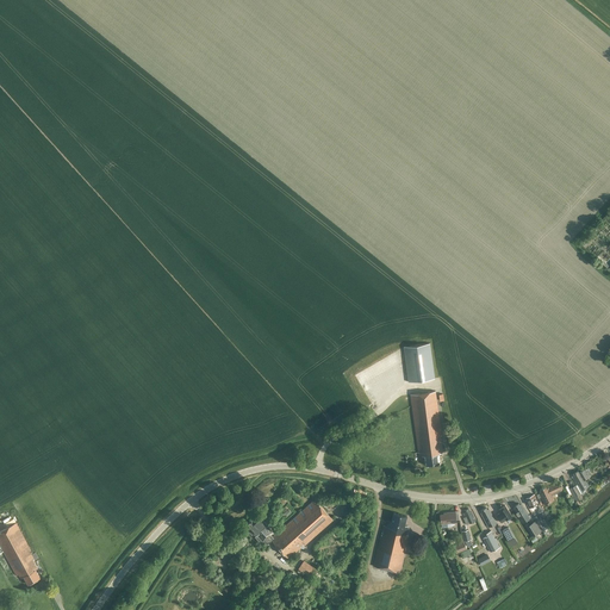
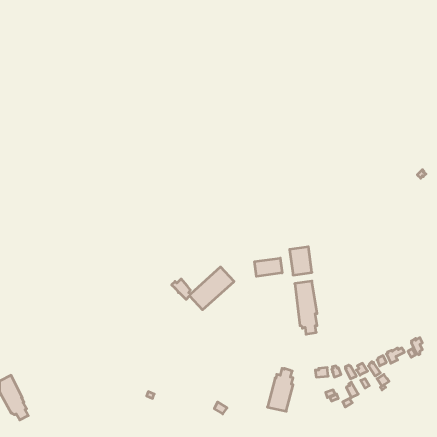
building: none -> [255,258,282,276]
building: [245,500,332,560] -> [172,267,234,310]

